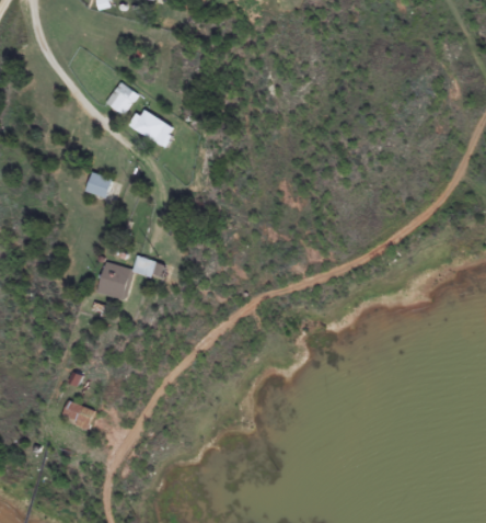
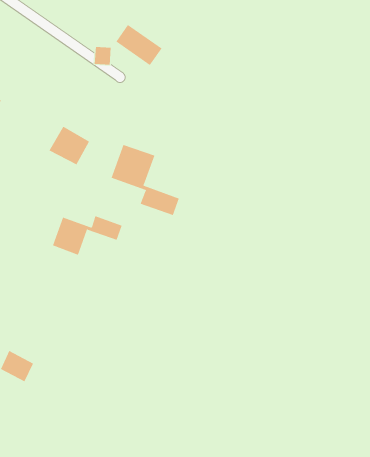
building: [128,109,175,147] -> [115,24,162,66]
building: none -> [111,144,180,216]

